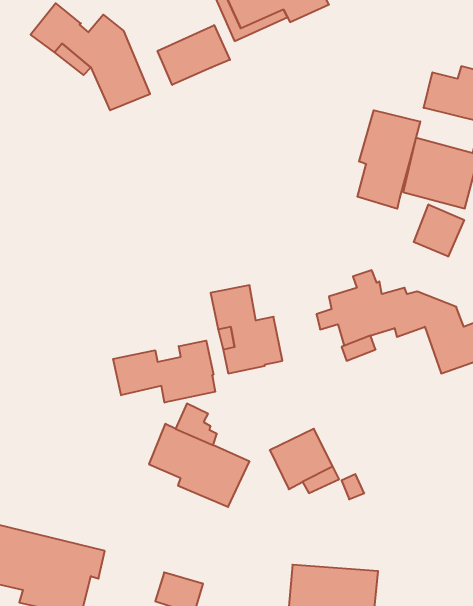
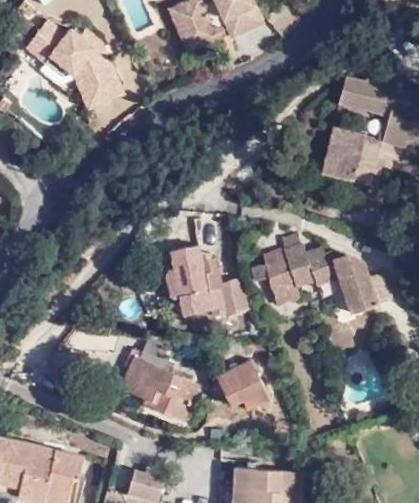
building: [158,25,230,85] -> none
building: [357,110,420,209] -> none
building: [414,204,464,257] -> none
building: [113,341,215,403] -> none

